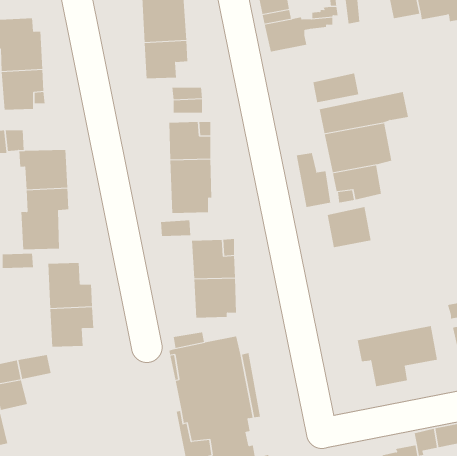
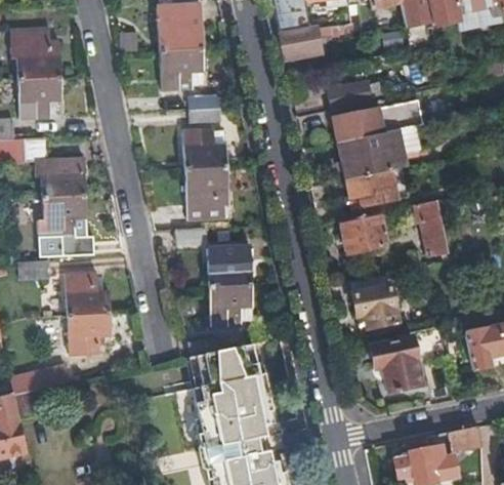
building: [296,152,331,208] -> none
building: none -> [415,201,448,257]
building: none -> [349,275,398,330]

